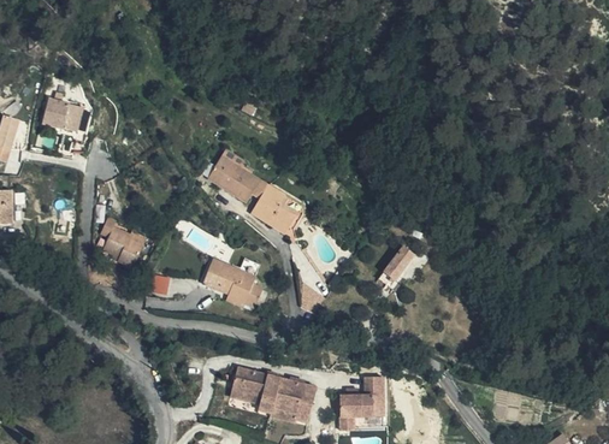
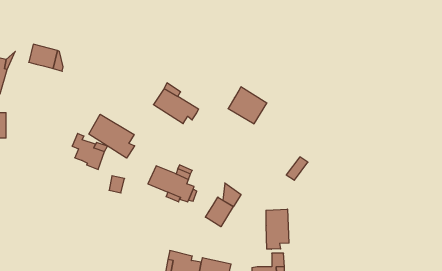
building: [252,184,303,233] -> [228,87,267,124]
building: none -> [89,114,135,158]
building: none -> [205,197,233,227]
building: none -> [266,209,289,249]

